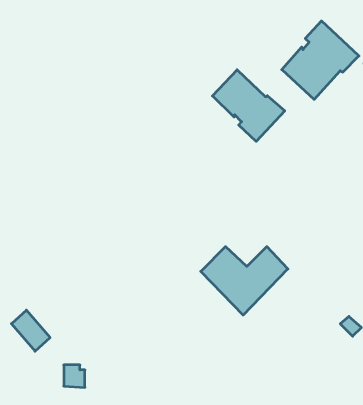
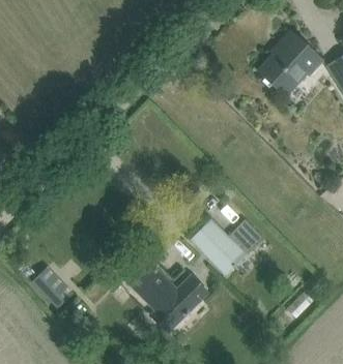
building: [212,70,285,141] -> none
building: none -> [124,257,207,332]

